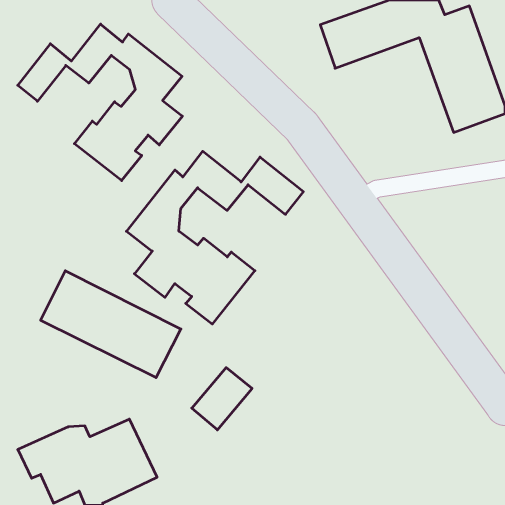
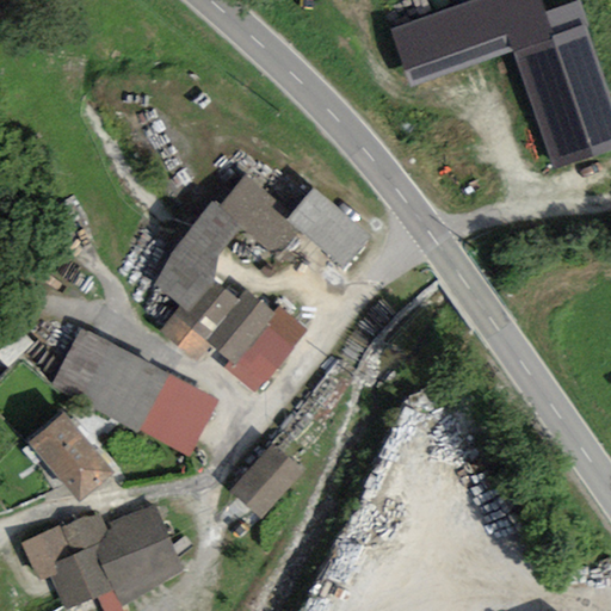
building: [18,24,182,181] -> none
building: none -> [29,412,112,499]

